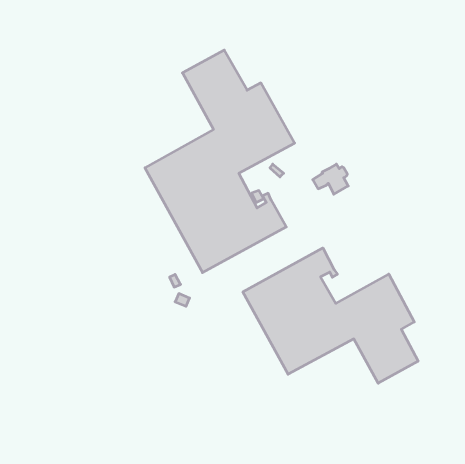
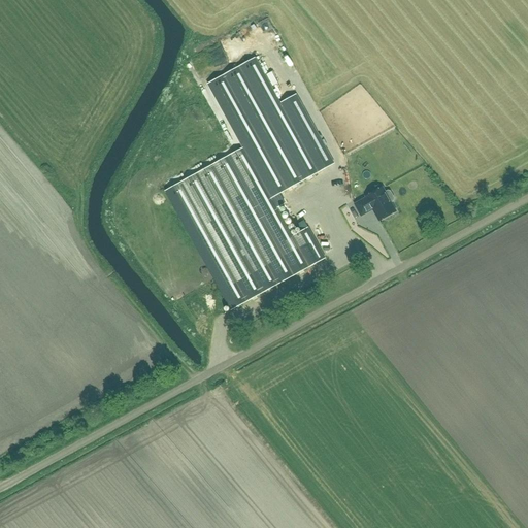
building: [243,248,418,383] -> none

